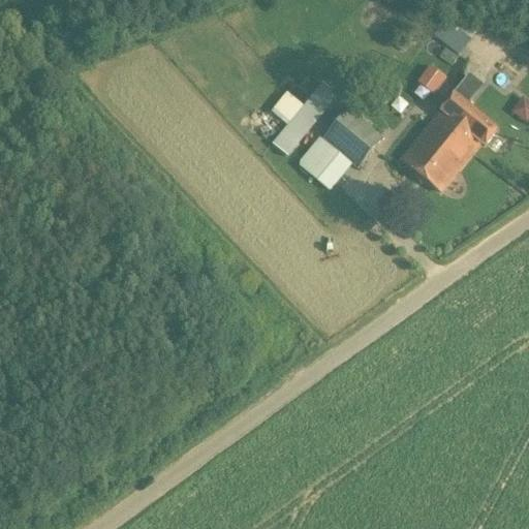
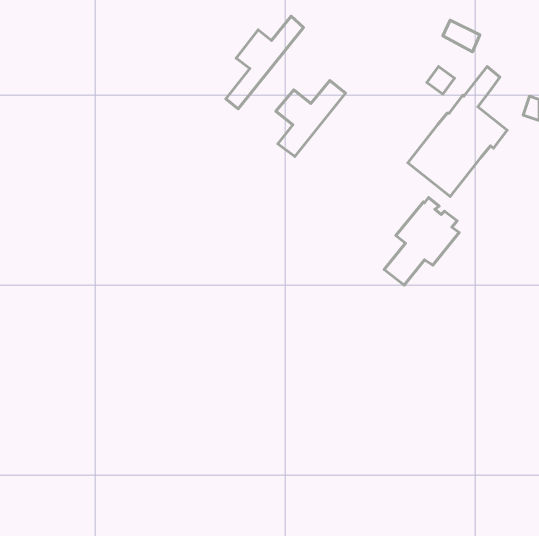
building: none -> [226,16,303,109]
building: [309,101,382,187] -> [384,198,459,285]

